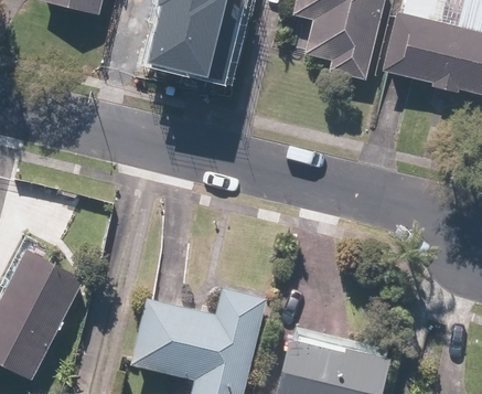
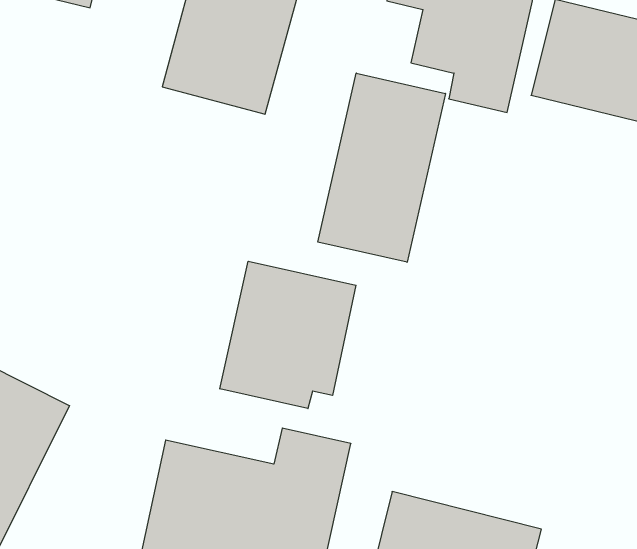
building: none -> [318,73,445,262]
building: none -> [220,261,356,409]

